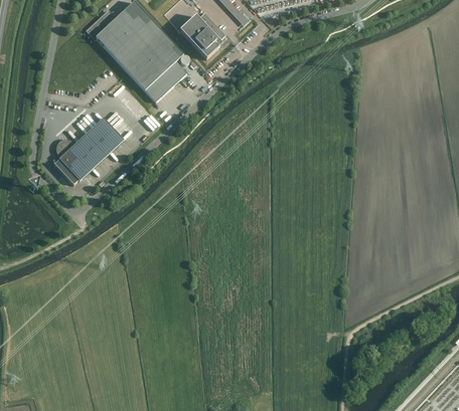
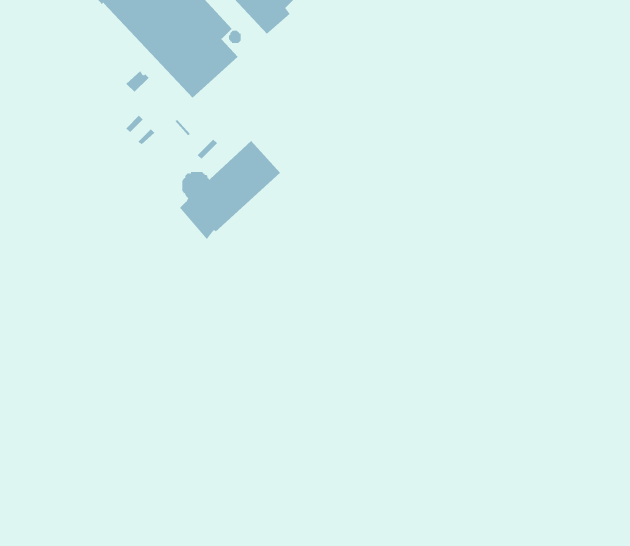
building: [53,118,123,185] -> [178,140,281,240]

